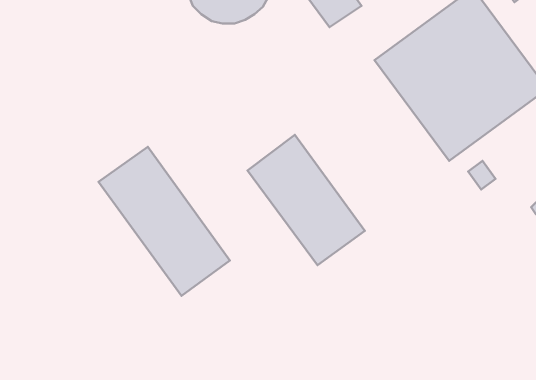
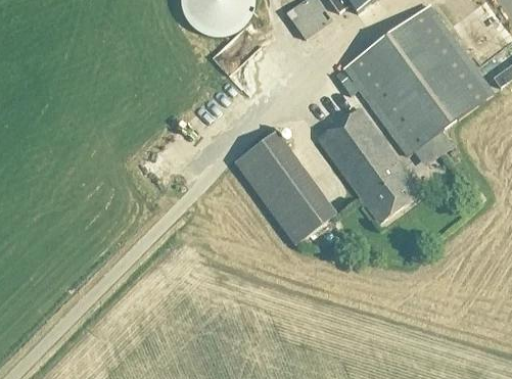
building: none -> [317,106,421,222]
building: [98,147,230,296] -> none

